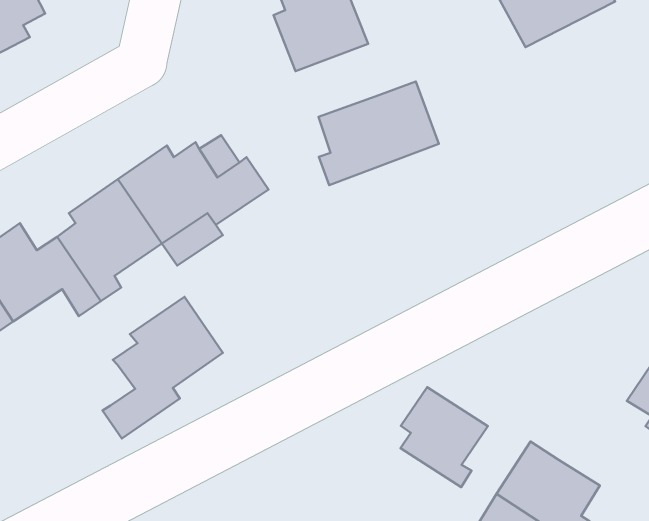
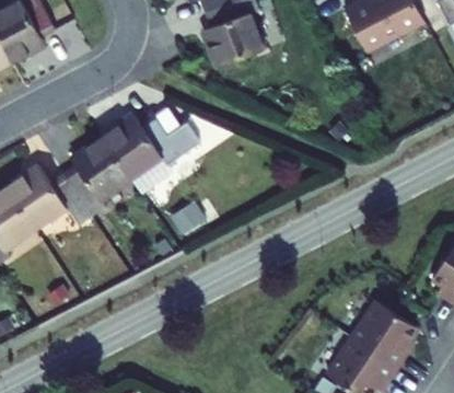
building: [318,81,439,185] -> none
building: [103,297,223,439] -> none
building: [401,387,488,487] -> none

